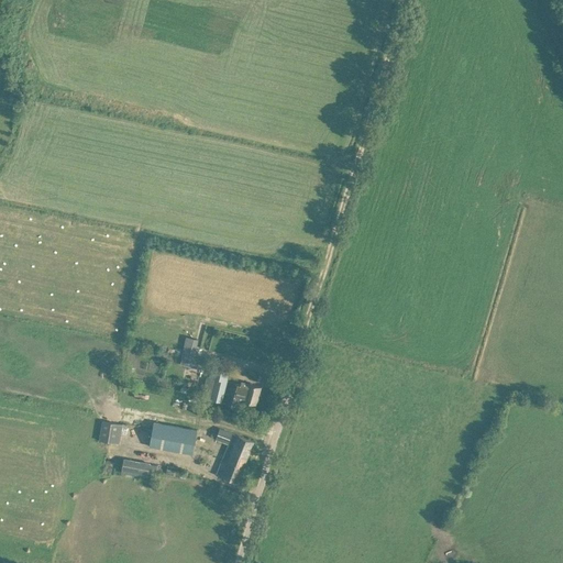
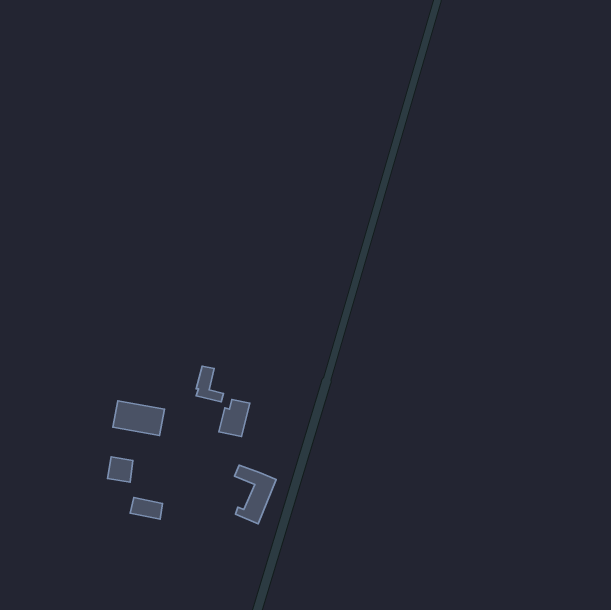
building: [227,383,261,407] -> none
building: [150,422,197,454] -> [113,401,164,436]

